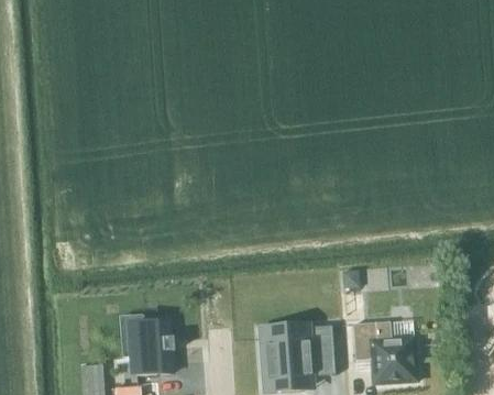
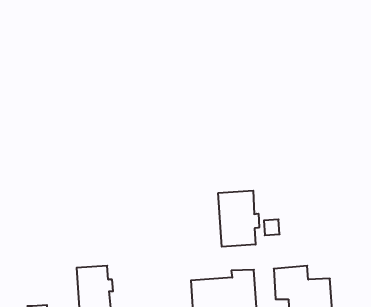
building: none -> [218,191,259,247]

